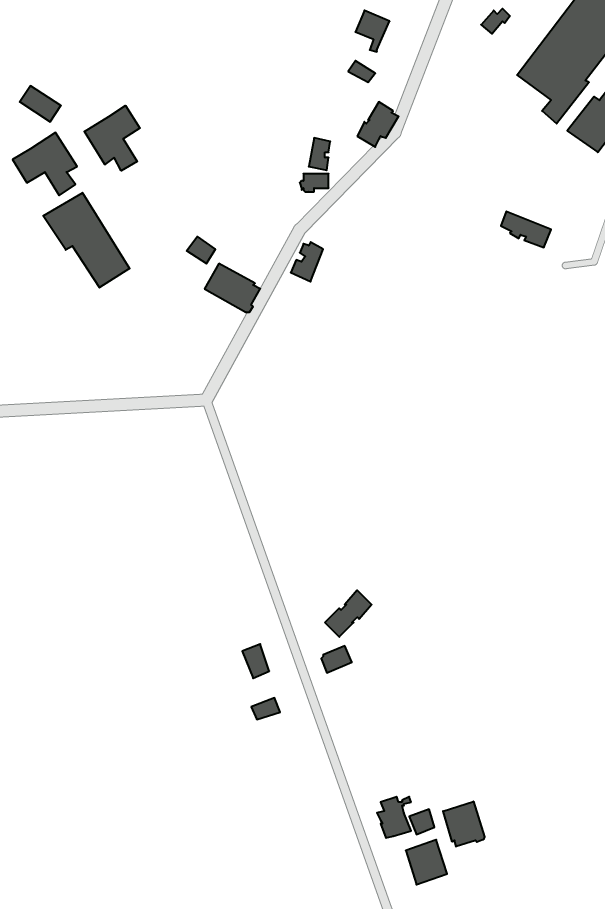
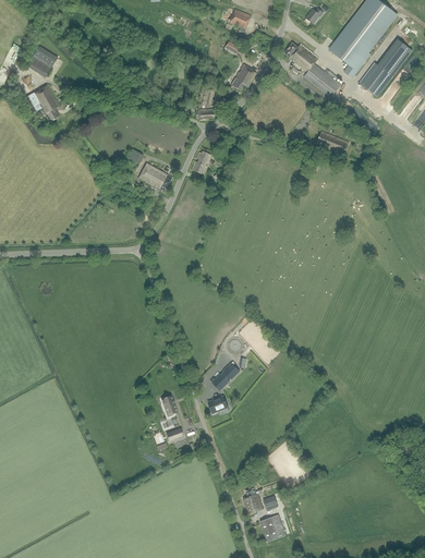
building: none -> [284,43,341,97]
building: [84,106,140,171] -> none
building: [43,193,130,288] -> none
building: [443,801,485,847] -> none

